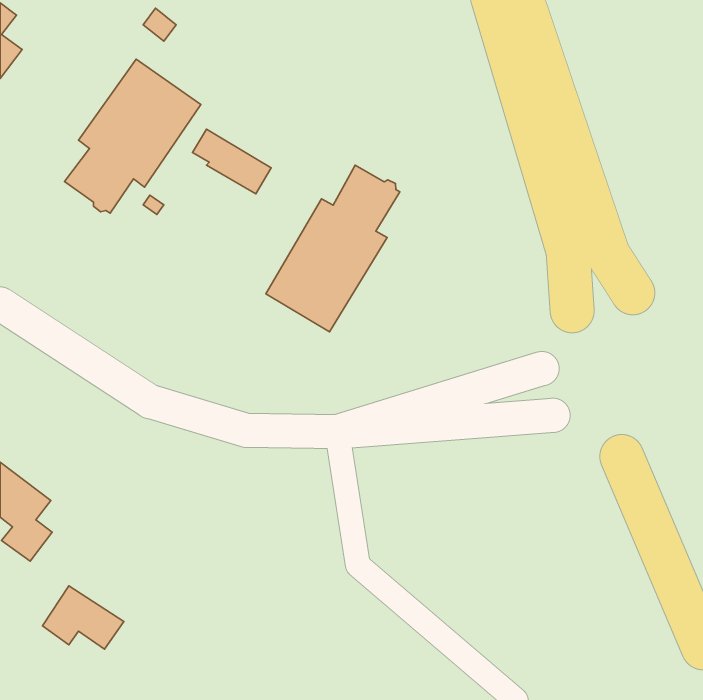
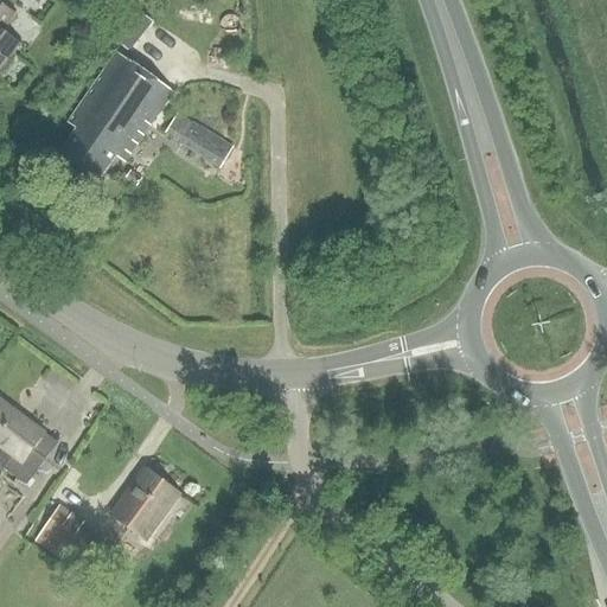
building: [266,165,400,332] -> none
building: none -> [111,468,178,539]

